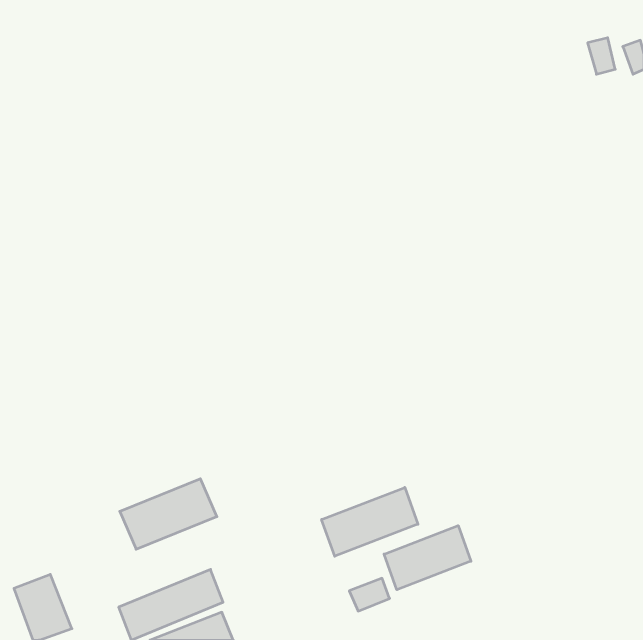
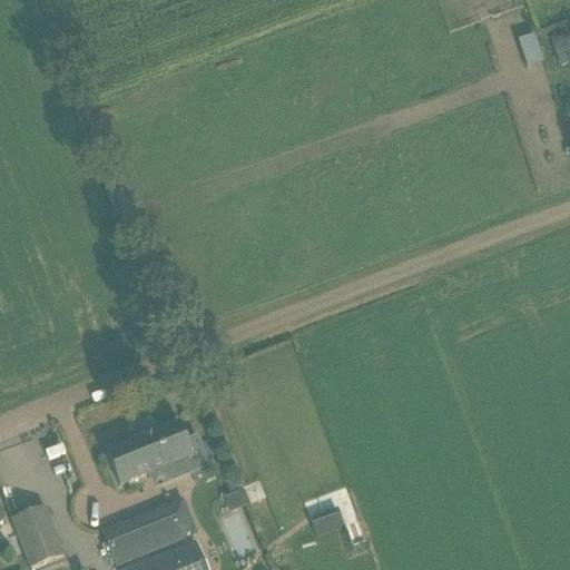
building: [322,487,418,556] -> none
building: [384,526,471,590] -> none

